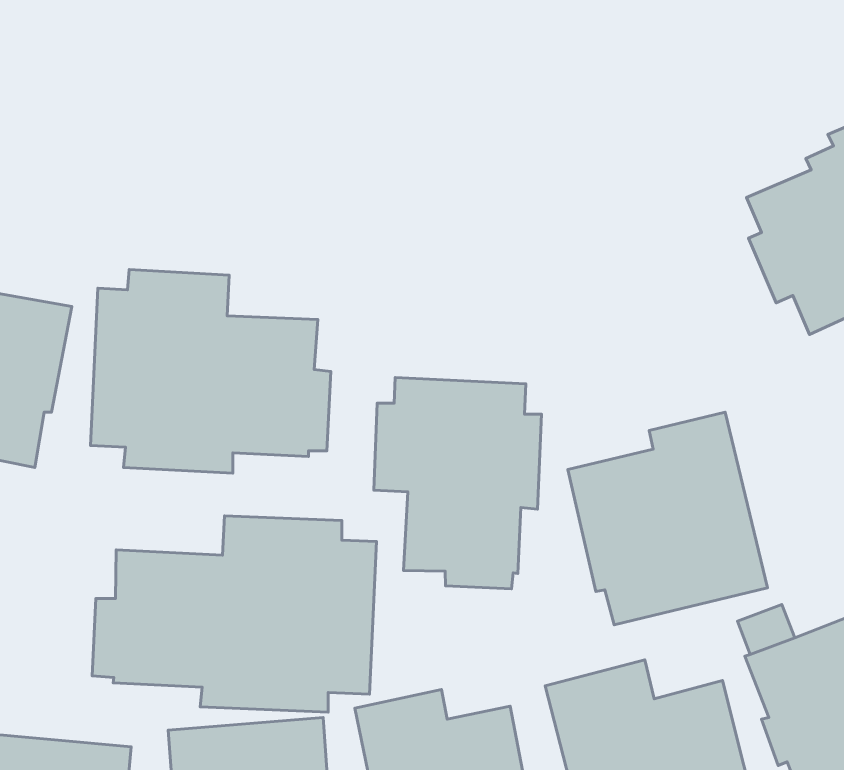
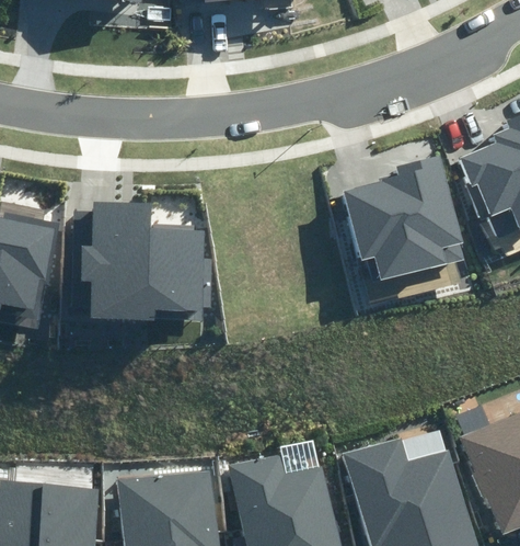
building: [374,378,542,589] -> none
building: [568,412,768,625] -> [348,157,466,283]
building: [92,516,377,712] -> none

